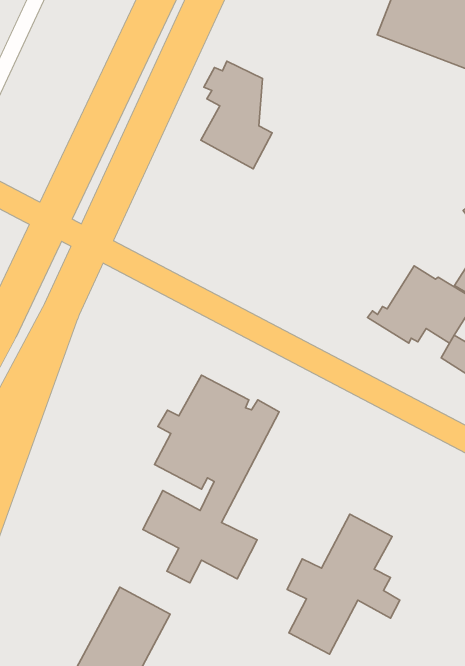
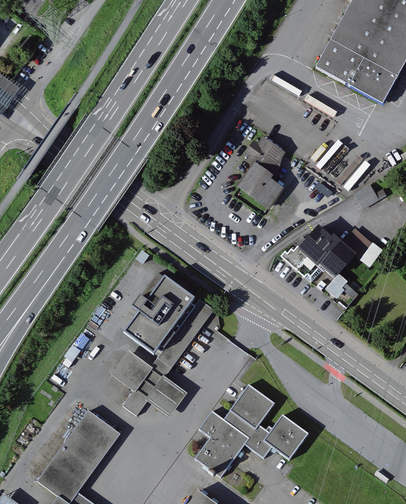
building: [201,61,272,169] -> [235,137,283,211]
building: none -> [263,413,308,458]

